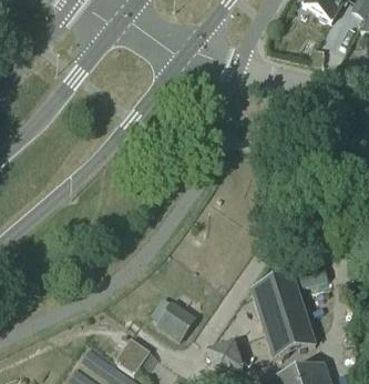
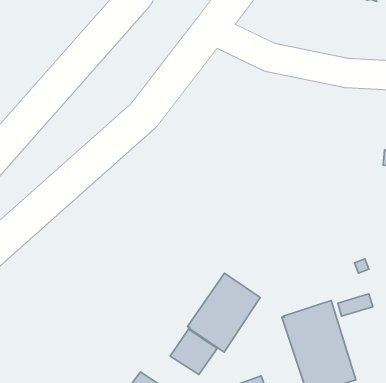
building: none -> [188,273,260,352]

